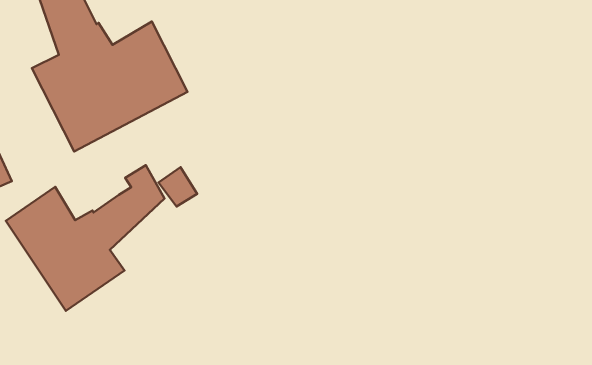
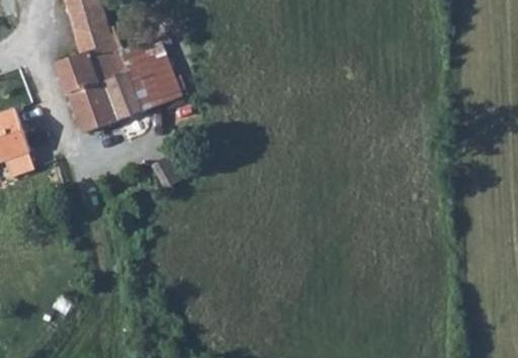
building: [6,165,165,311] -> none

